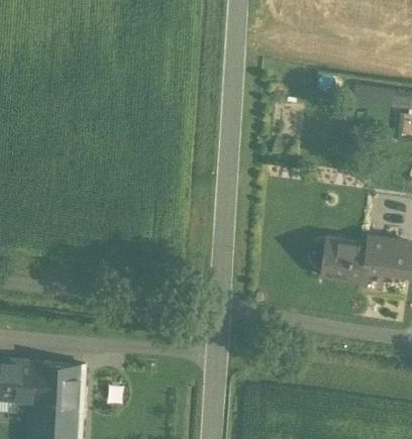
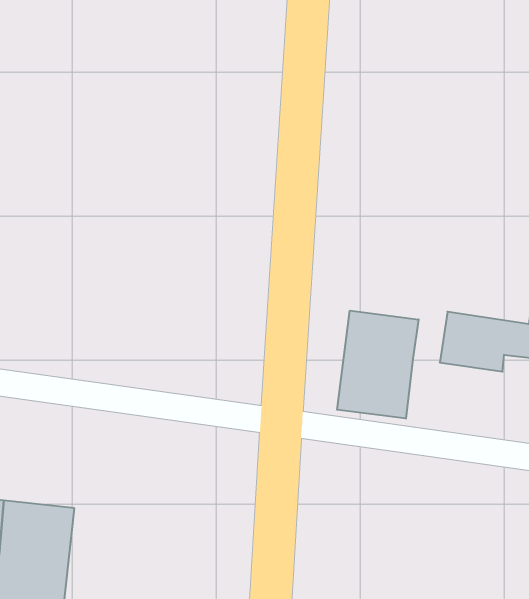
building: none -> [337,311,419,419]

